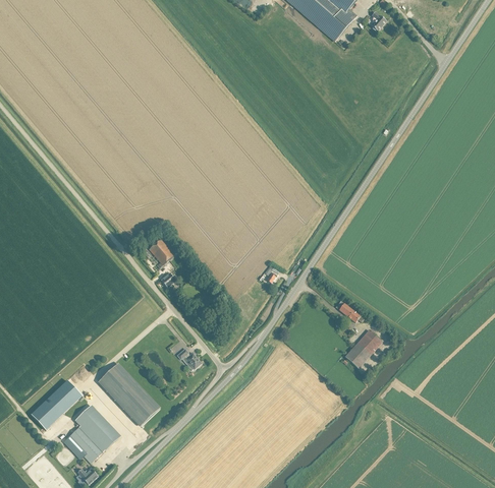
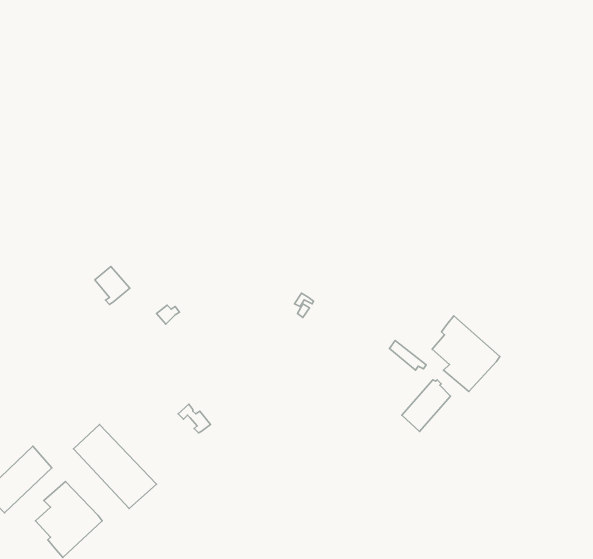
building: [148,239,174,267] -> [95,266,130,304]
building: none -> [432,316,500,392]

